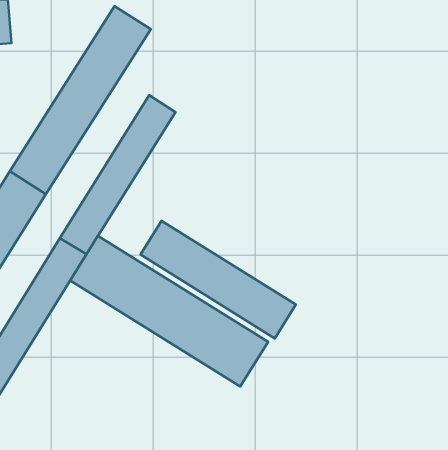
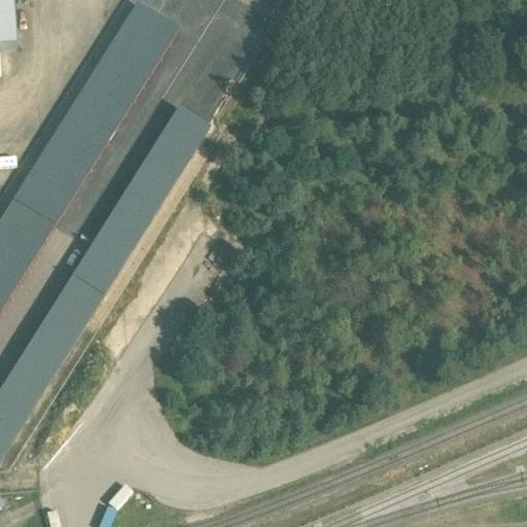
building: [140,221,296,338] -> none
building: [70,236,268,387] -> none

